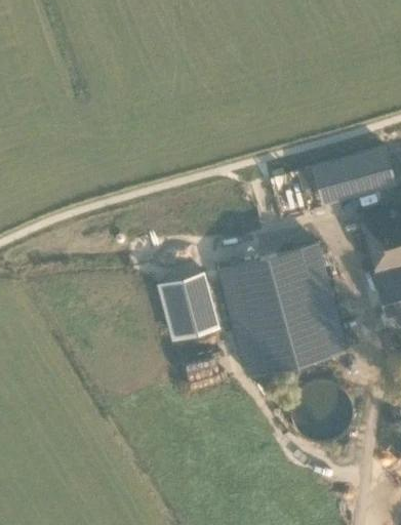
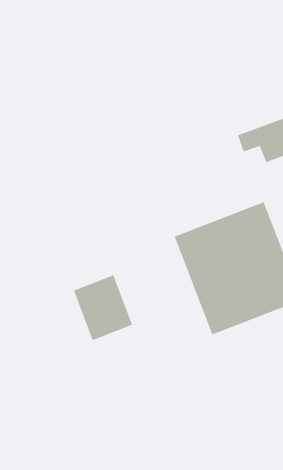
building: [160,274,218,340] -> [73,274,133,341]

